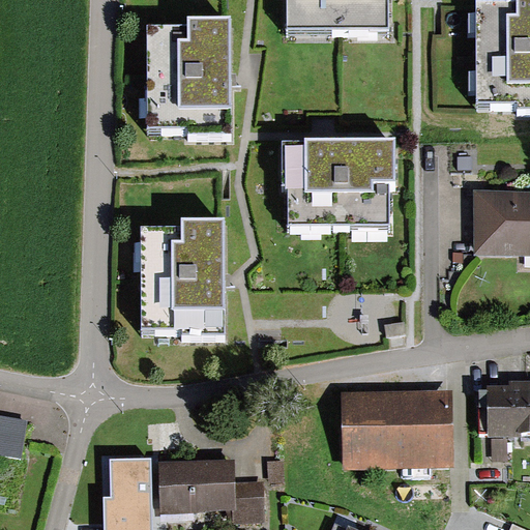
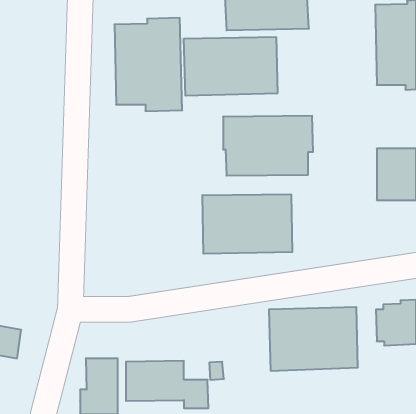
building: none -> [184,37,277,96]
building: [141,224,225,342] -> none
building: none -> [202,194,292,254]

